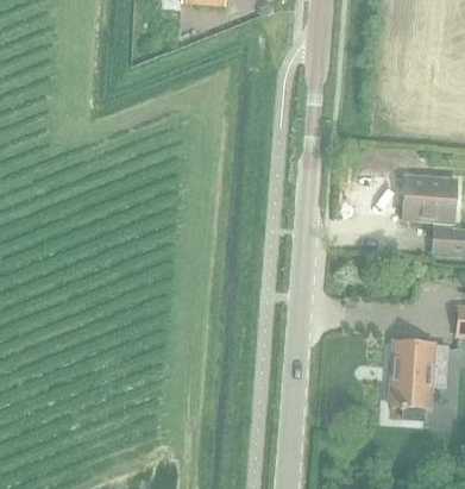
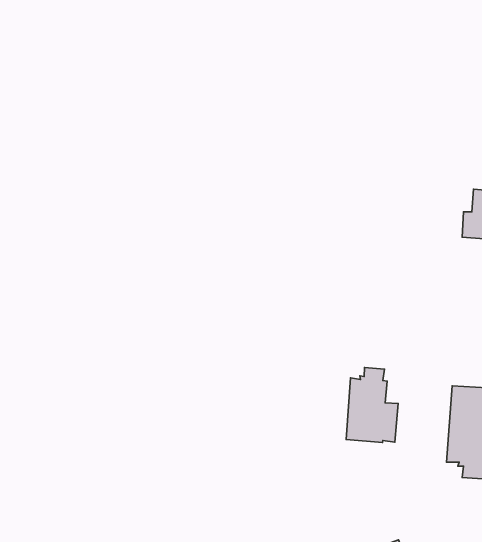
building: none -> [346,367,398,443]

